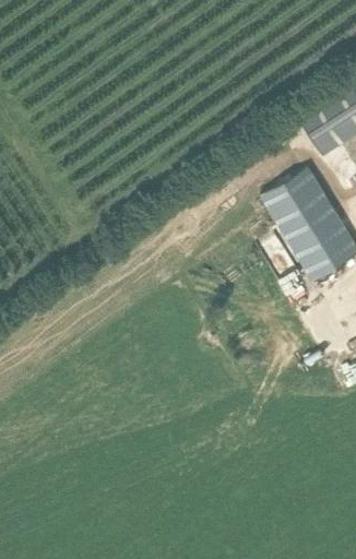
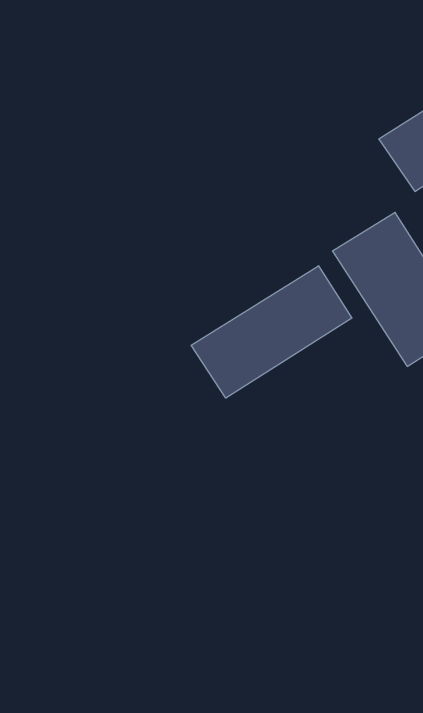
building: none -> [191,266,352,398]

